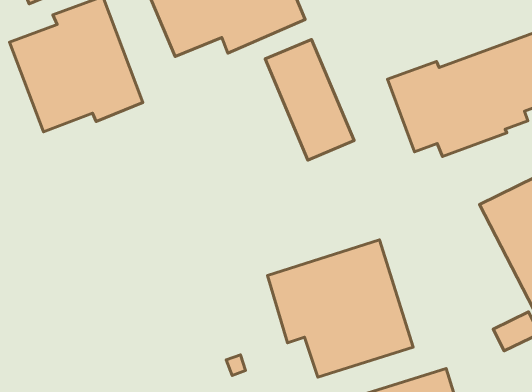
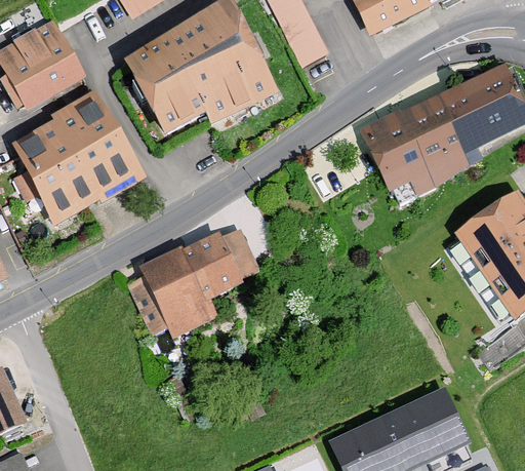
building: [265,39,354,160] -> none
building: none -> [127,230,259,338]
building: [267,240,413,377] -> none

